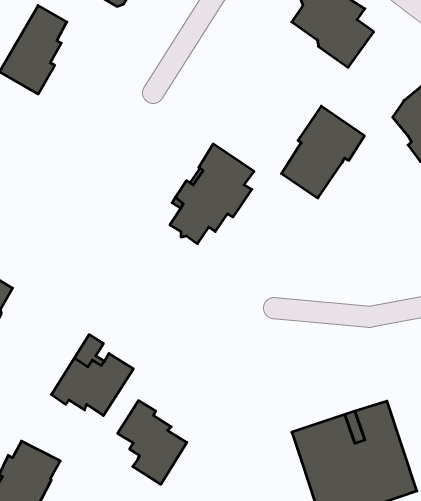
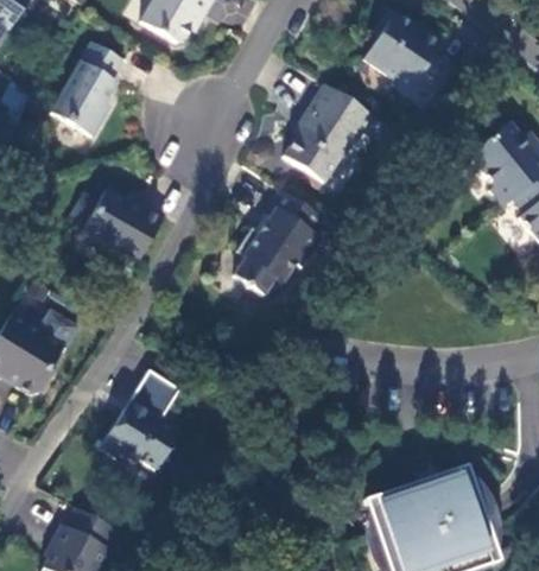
building: [281,106,364,198] -> [284,82,373,180]
building: none -> [82,188,165,260]
building: [118,401,187,484] -> none

